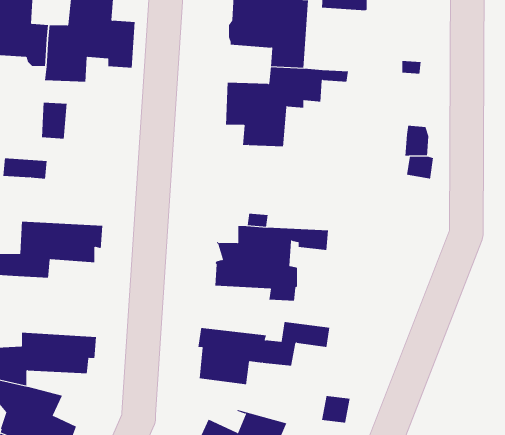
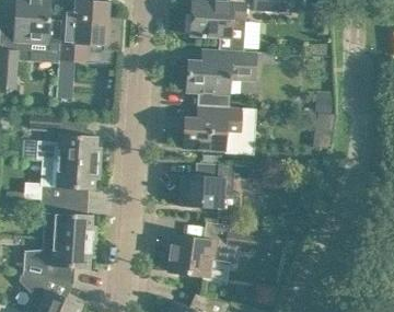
building: none -> [182,106,242,151]
building: none -> [36,135,101,163]
building: none -> [38,199,95,242]

